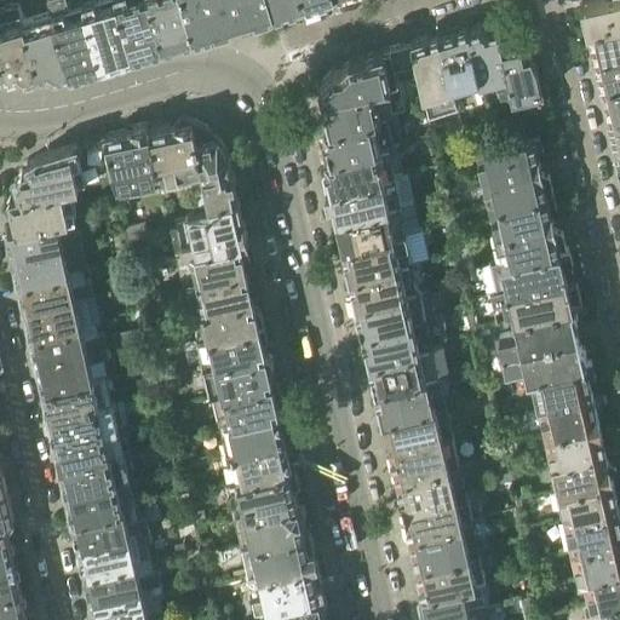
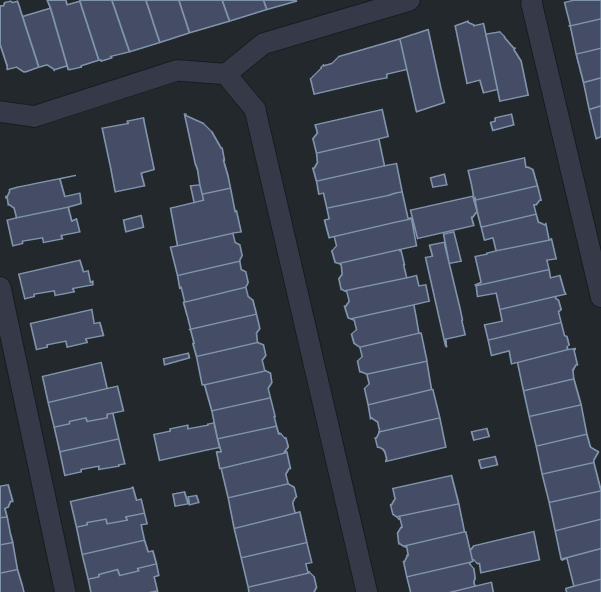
building: [441,33,481,102] -> none
building: [321,92,394,138] -> none
building: [149,125,203,201] -> none
building: [15,142,114,202] -> none
building: [475,142,544,185] -> [410,196,477,239]
building: [13,248,87,292] -> none
building: none -> [425,242,465,347]
building: [25,303,102,343] -> none
building: [38,355,109,397] -> none
building: [394,470,465,512] -> [470,532,540,573]
building: [67,487,134,526] -> [154,423,220,461]

